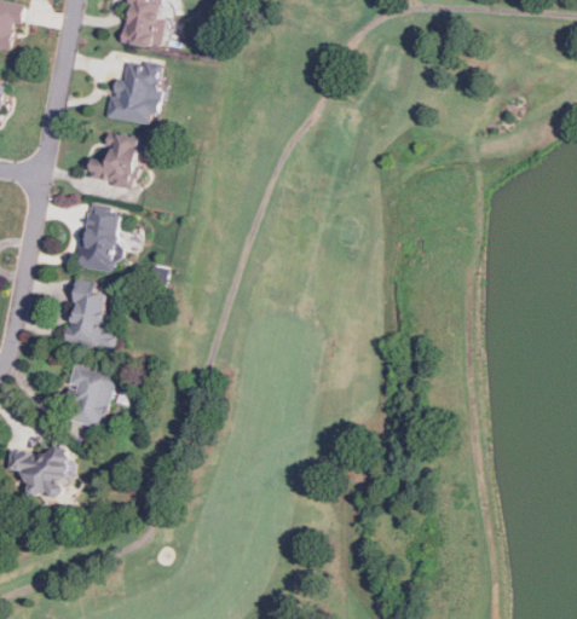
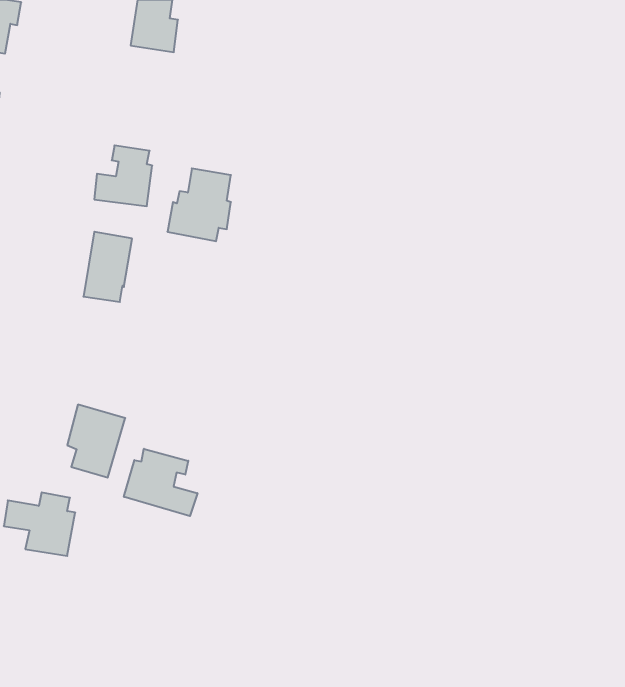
building: [104,59,161,125] -> [167,168,231,241]
building: [65,279,115,348] -> none
building: none -> [124,449,197,516]

